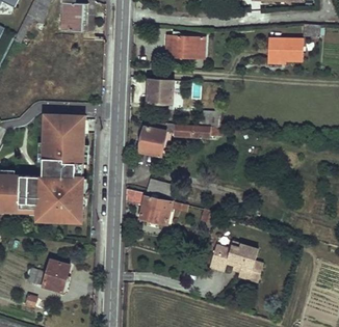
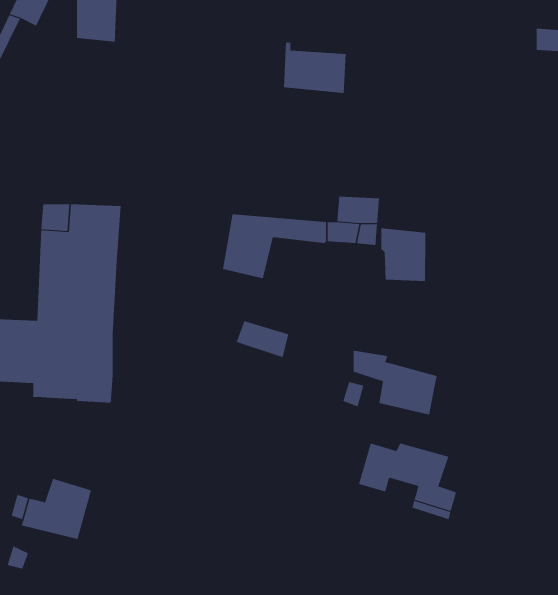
building: [267,37,304,63] -> none
building: [147,79,173,103] -> none
building: none -> [381,227,426,282]
building: [126,189,171,223] -> [353,350,438,415]

